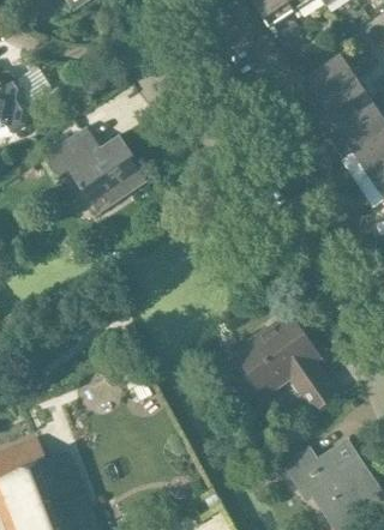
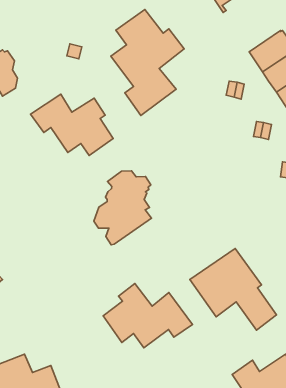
building: none -> [111,9,184,116]
building: none -> [94,171,151,245]
building: none -> [103,283,193,348]

